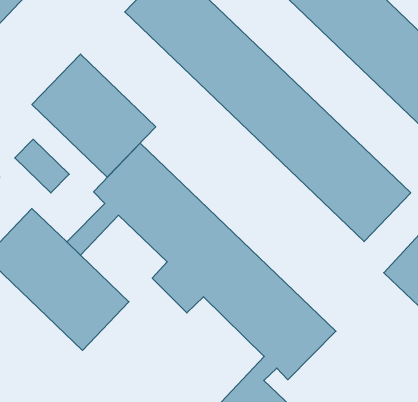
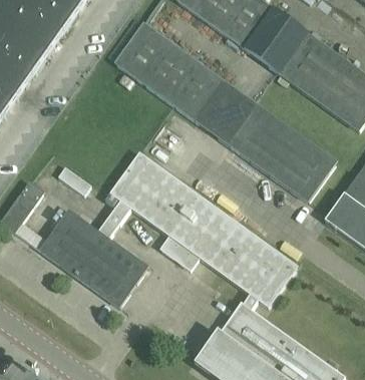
building: [32,54,156,177] -> none

